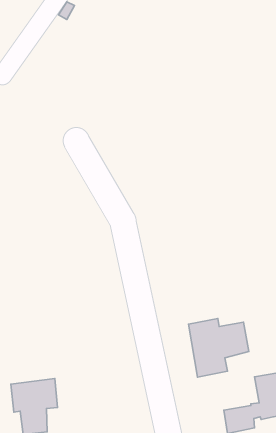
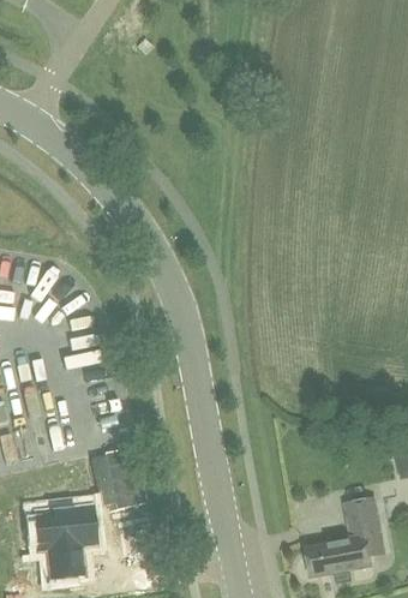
building: [189,318,249,377] -> none

